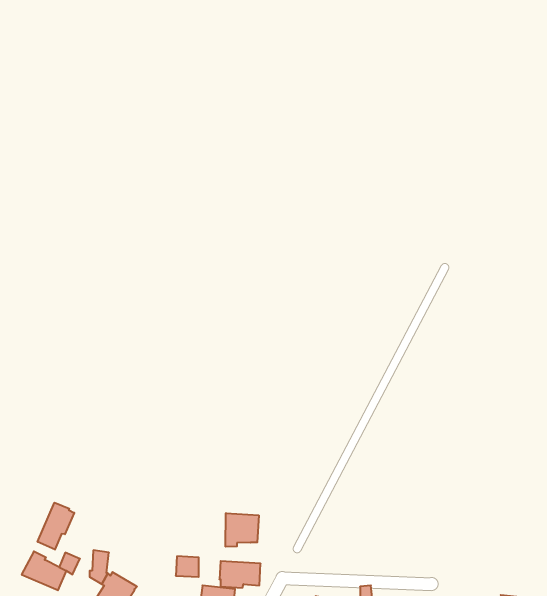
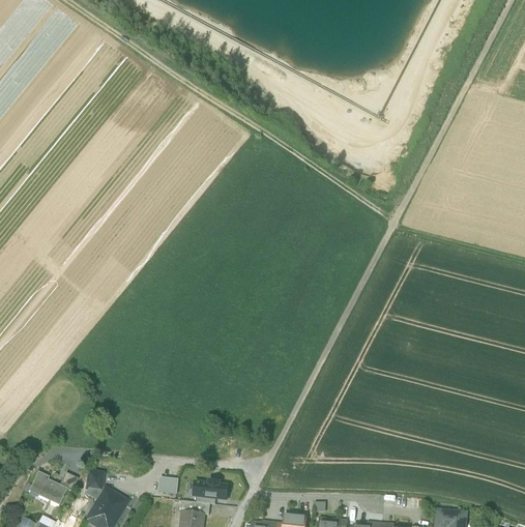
building: [38,503,74,550] -> none
building: [226,513,259,547] -> none

